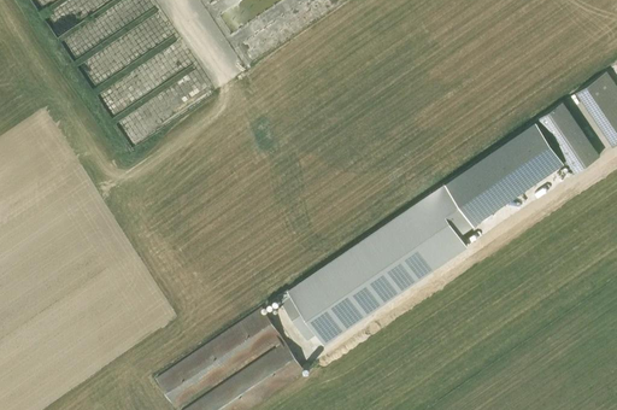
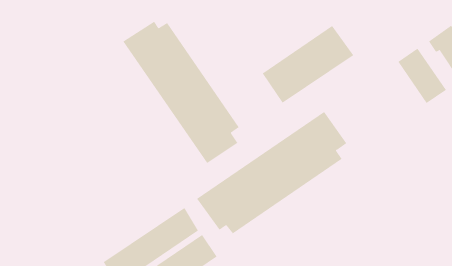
building: none -> [122,21,239,164]
building: [445,123,564,224] -> [262,25,354,103]

